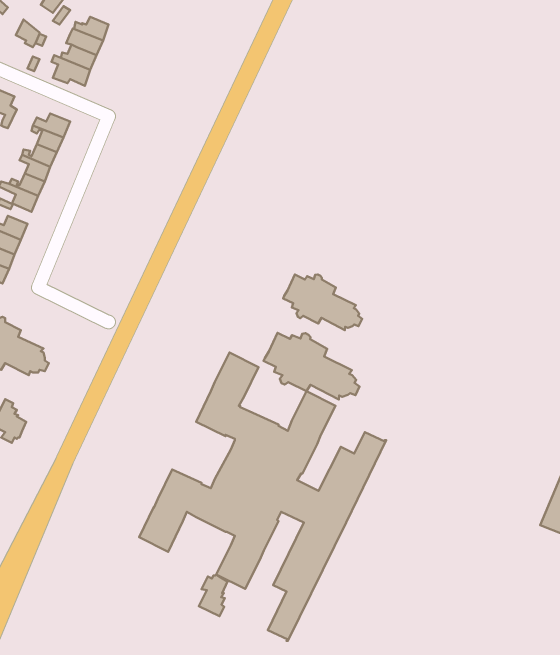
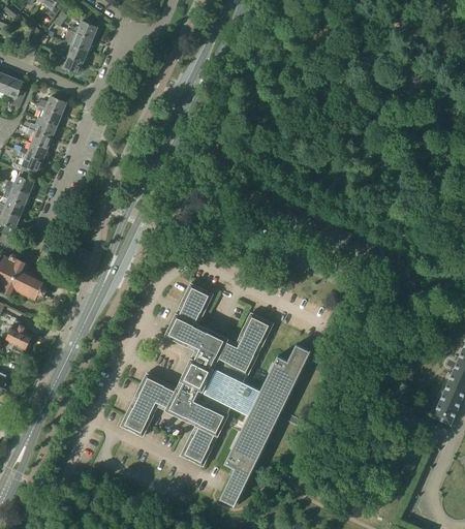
building: [283,274,362,330] -> none
building: [264,333,360,399] -> none
building: [199,574,227,616] -> none

